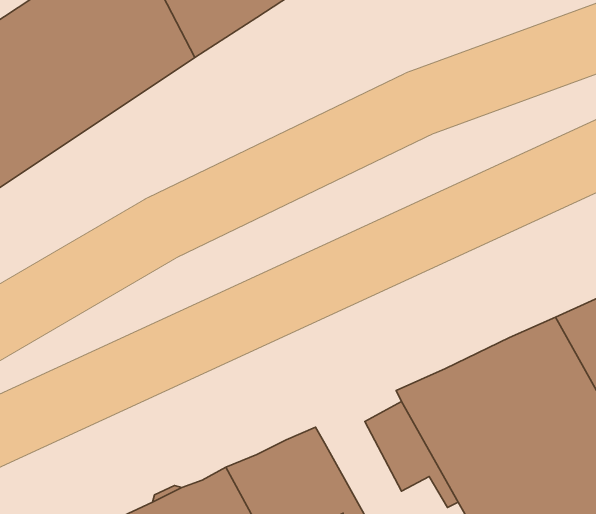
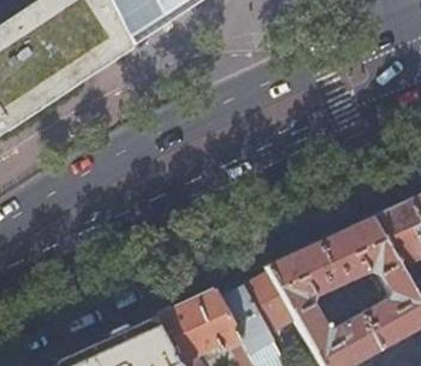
building: none -> [220,284,271,340]

